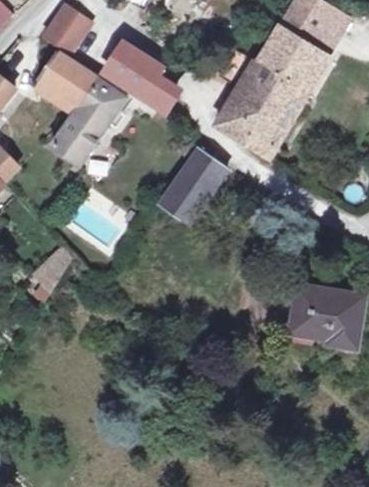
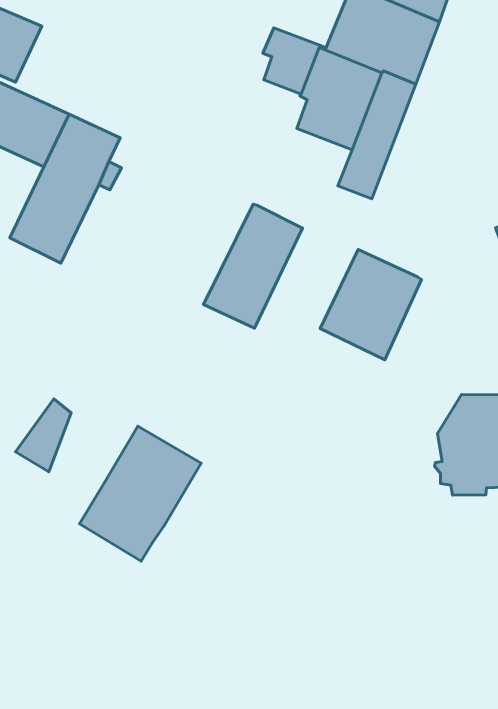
building: [105,42,175,110] -> none
building: [217,105,264,146] -> none
building: none -> [320,249,421,360]
building: none -> [80,426,201,561]

